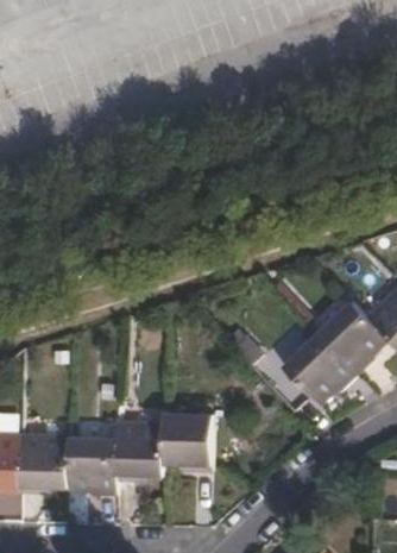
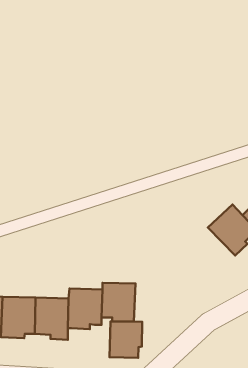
building: [282,334,355,403] -> none
building: none -> [110,322,142,358]

